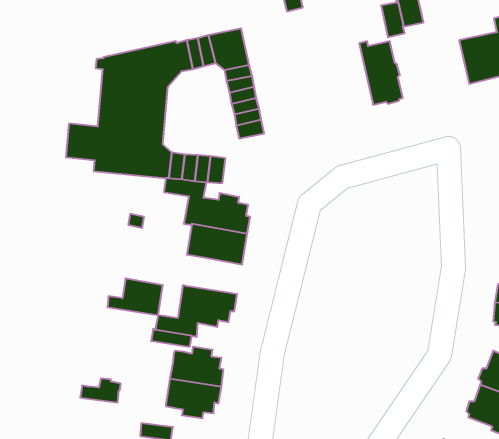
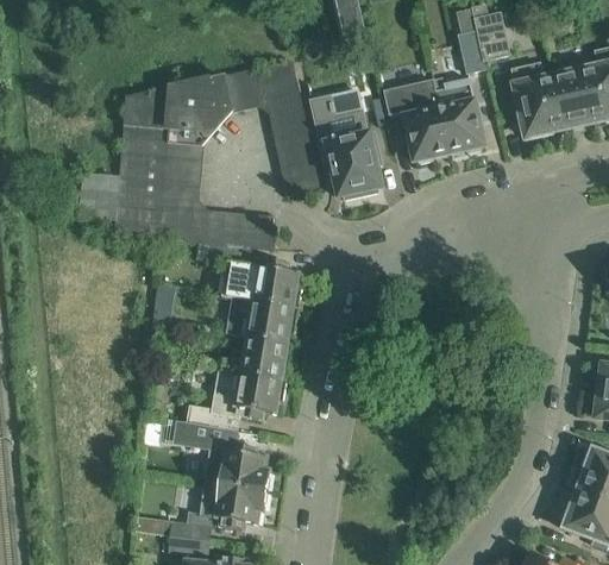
building: none -> [511,61,565,136]
building: none -> [383,79,450,162]
building: none -> [310,94,382,199]
building: [107,278,163,315] -> [226,335,293,379]
building: [80,379,121,402] -> [164,510,213,539]

